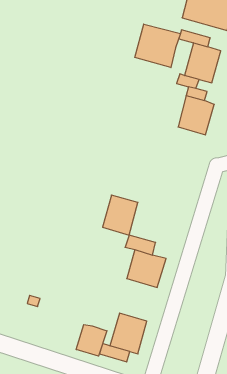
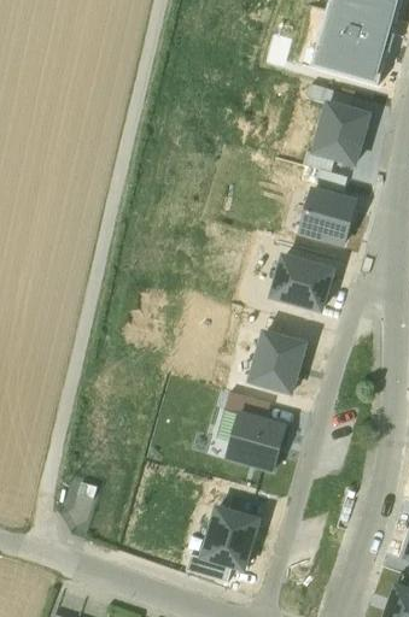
building: [135,24,180,68] -> none
building: none -> [269,254,332,310]
building: [103,195,138,235] -> [251,331,304,392]
building: [76,325,107,356] -> none

